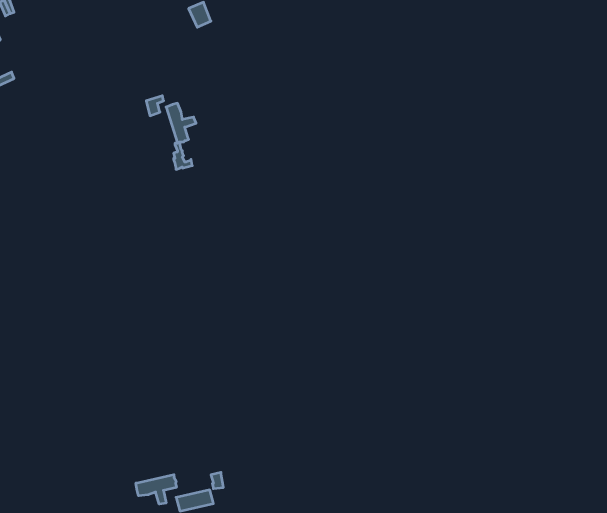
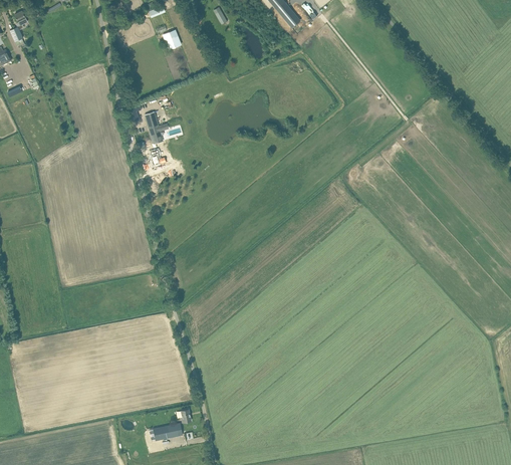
building: [136,475,176,504] -> none

